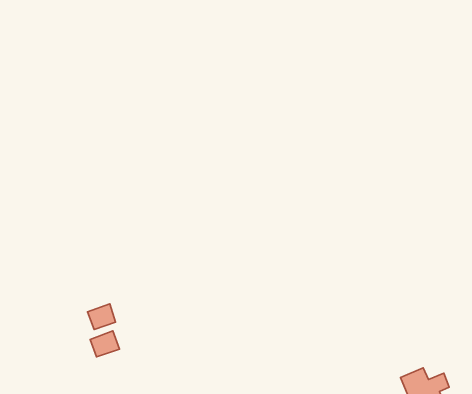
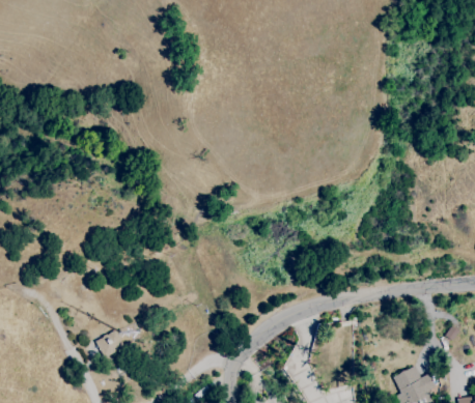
building: [87,304,116,330] -> none

